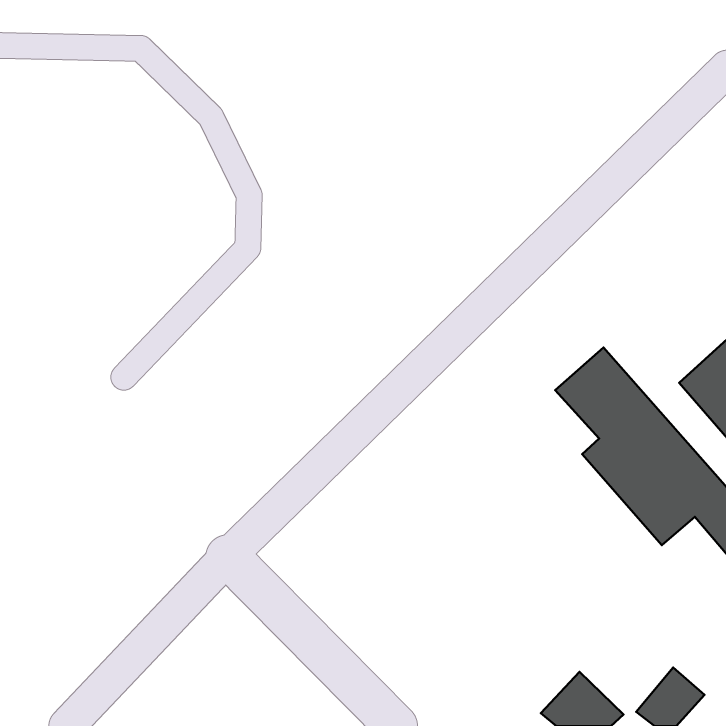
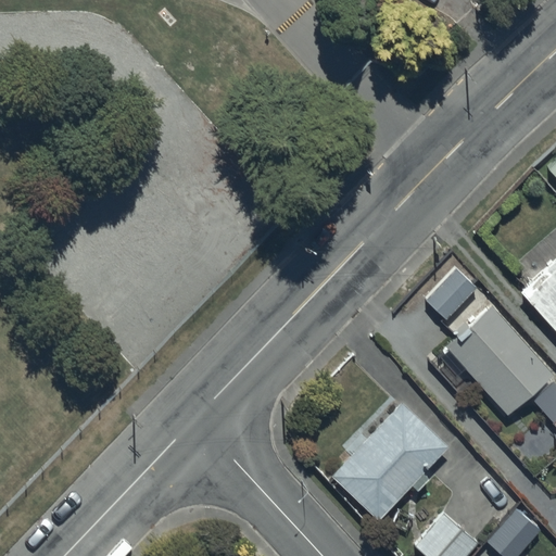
building: none -> [331,403,448,521]

